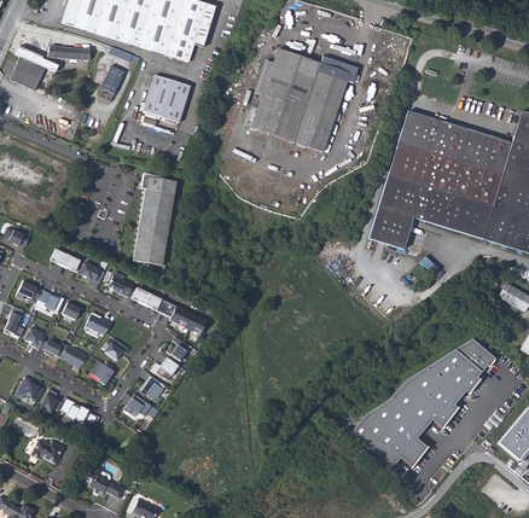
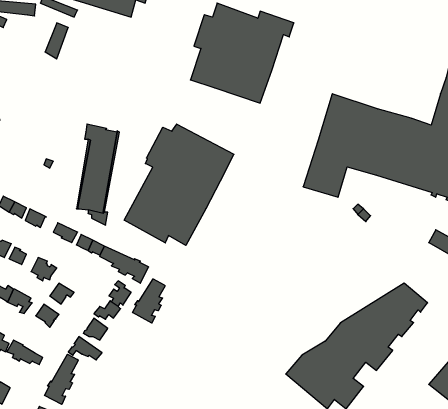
building: [143,75,191,122] -> none
building: [397,110,510,174] -> none
building: none -> [124,124,234,245]
building: none -> [133,279,165,323]
building: none -> [45,354,78,404]

